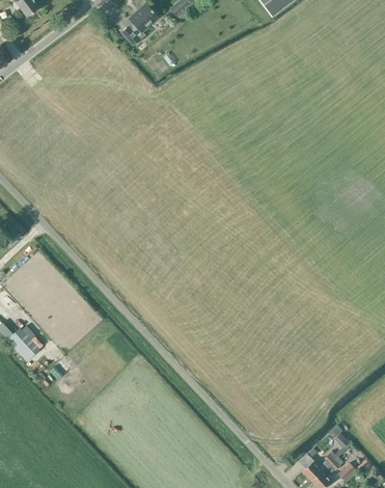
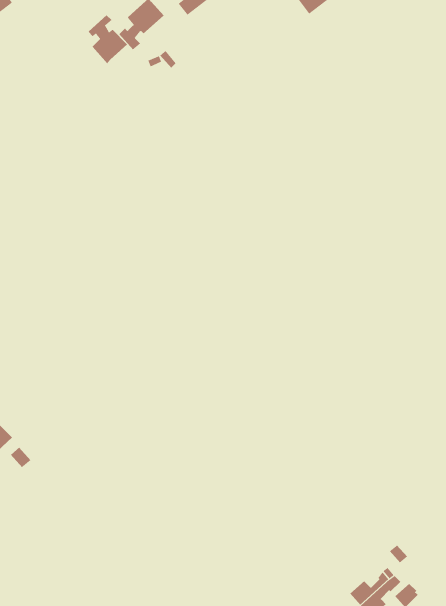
building: none -> [88,15,128,64]

